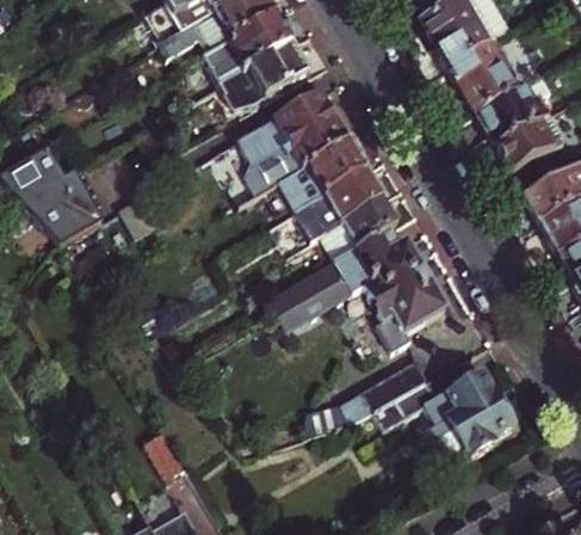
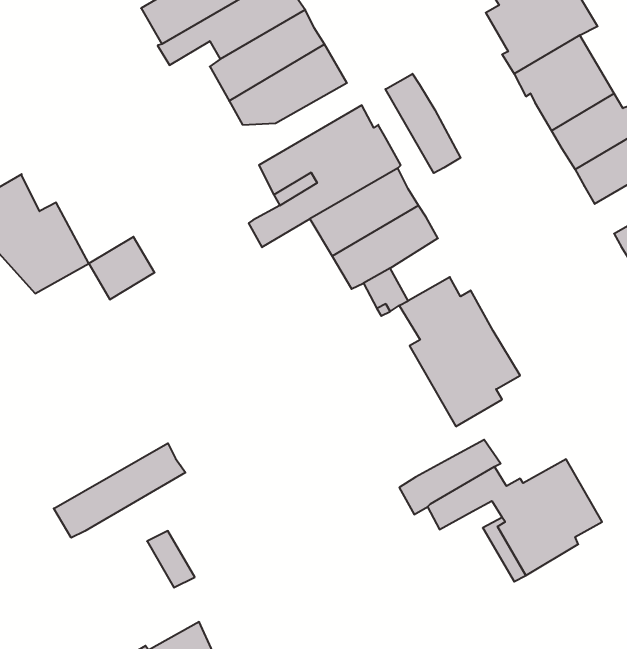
building: none -> [385,74,461,173]
building: [346,197,400,247] -> none
building: [266,260,347,327] -> none
building: none -> [54,443,185,538]

